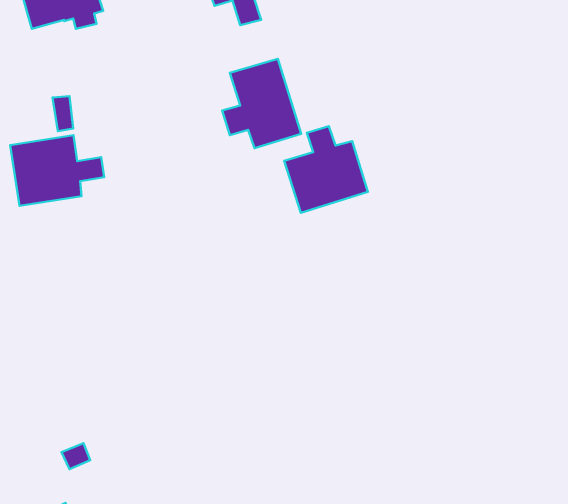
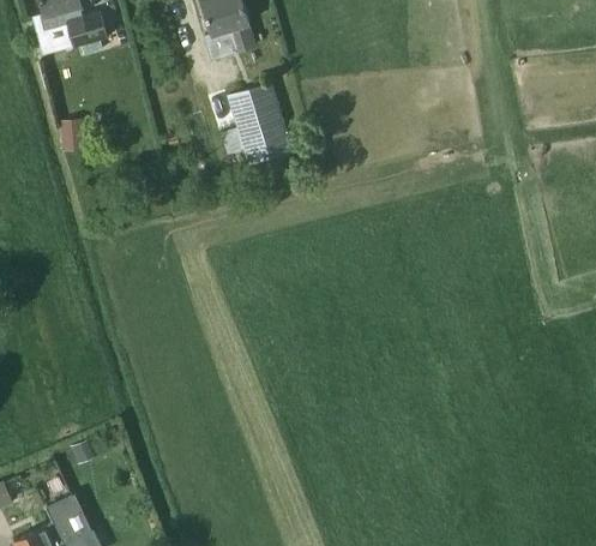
building: [284,126,368,213] -> none
building: [10,135,104,206] -> none

